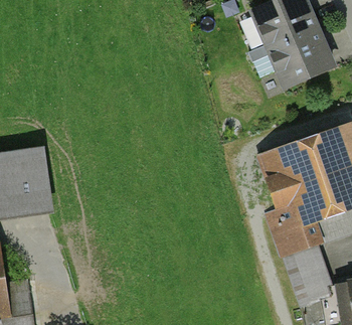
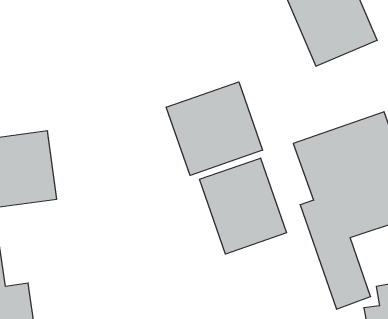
building: none -> [166,82,263,175]
building: none -> [199,158,287,254]

